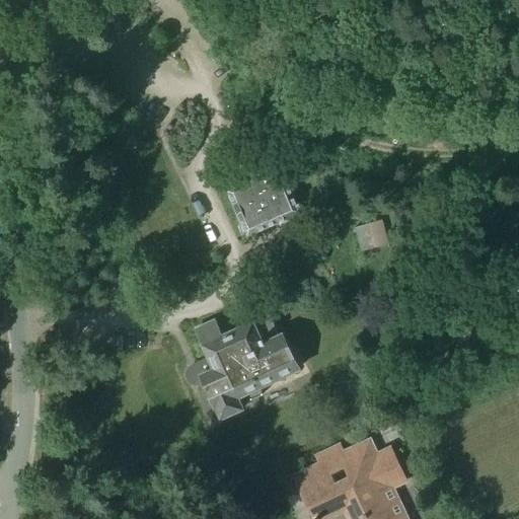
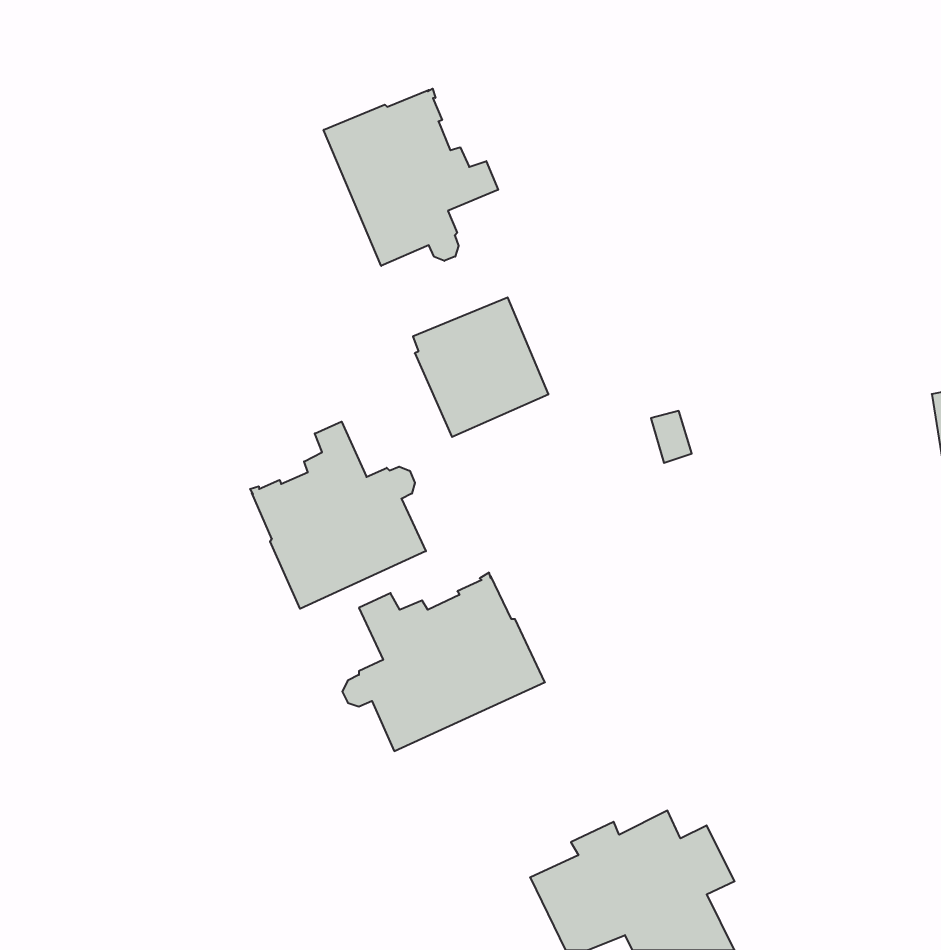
building: none -> [324,89,498,266]
building: none -> [250,422,426,609]

